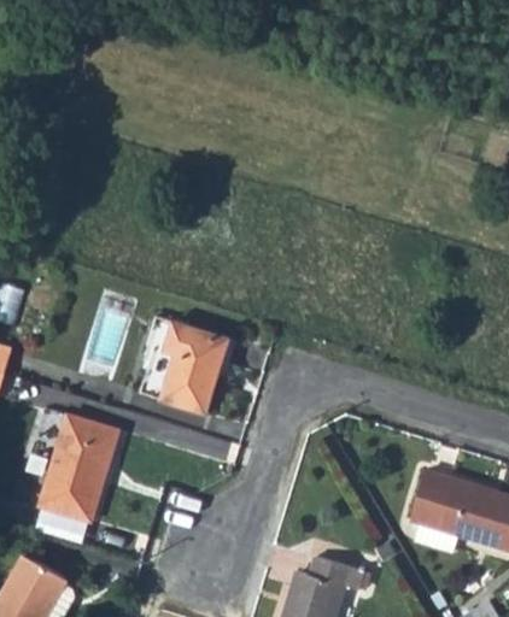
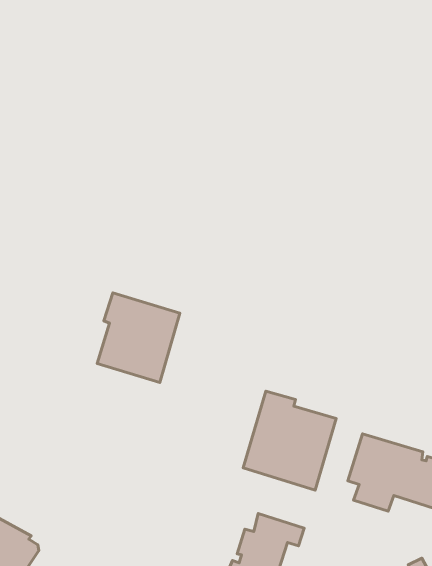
building: [40,416,117,521] -> none
building: none -> [243,391,336,490]

